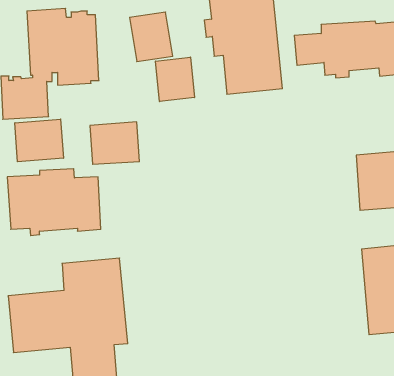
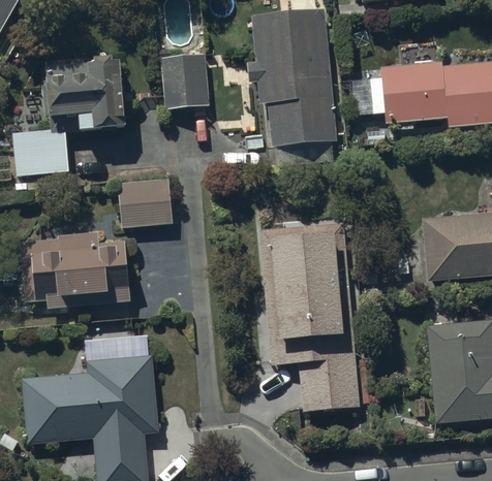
building: [156,57,194,102] -> none
building: [15,119,63,162] -> none
building: none -> [258,220,360,410]

